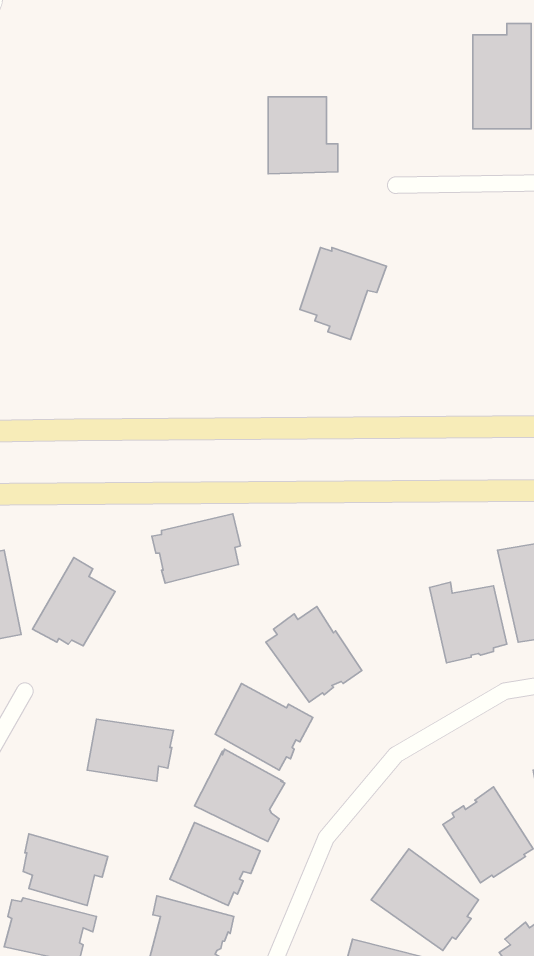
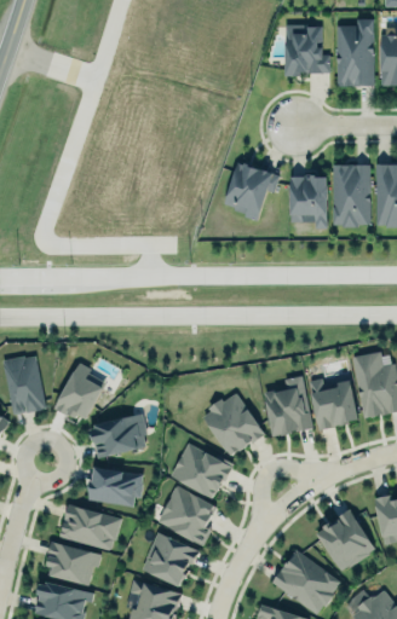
building: [268,97,338,174] -> [284,27,329,76]
building: none -> [332,166,370,227]
building: none -> [289,177,327,230]
building: [152,514,240,583] -> [90,413,146,458]
building: none -> [264,375,313,435]
building: none -> [59,508,120,551]

